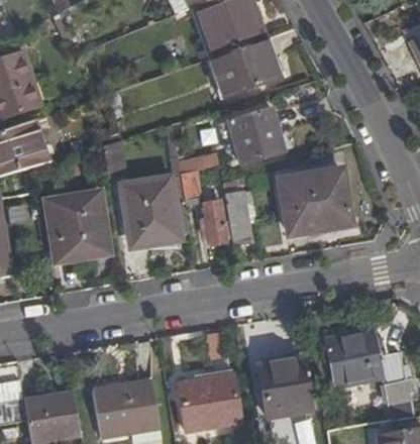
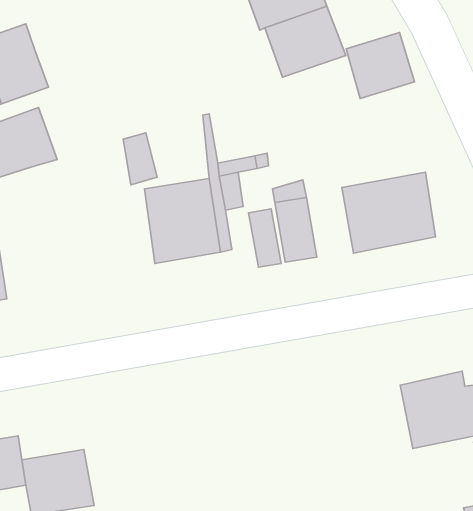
building: [229,109,284,161] -> [346,33,415,98]
building: [43,190,111,260] -> none
building: [256,357,310,418] -> none
building: [177,373,239,431] -> none
building: [94,377,162,434] -> none

